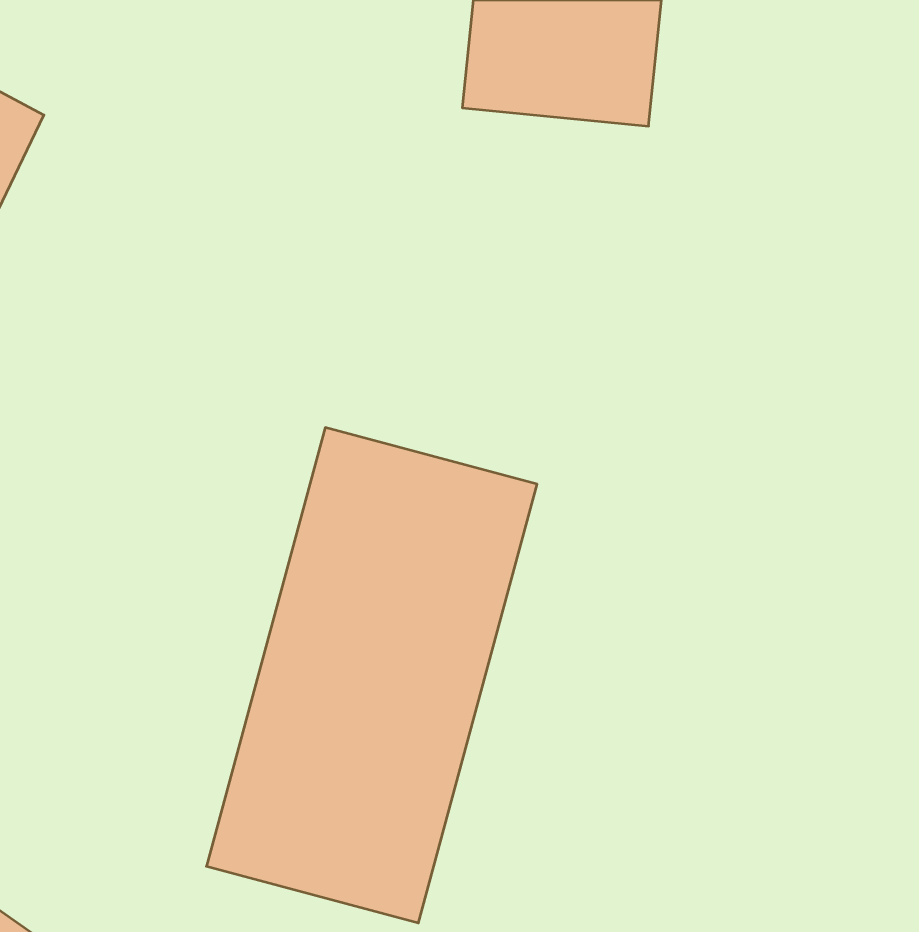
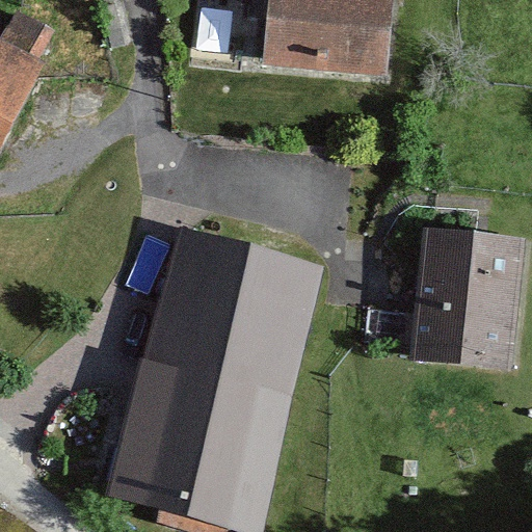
building: none -> [416,242,509,362]

